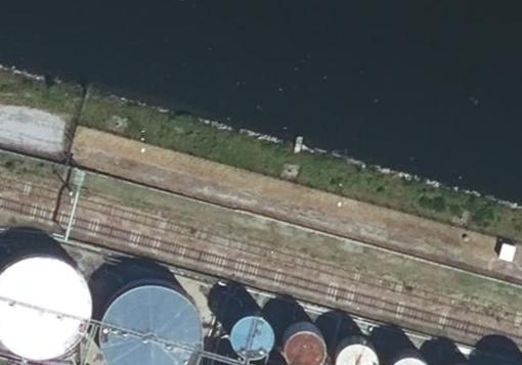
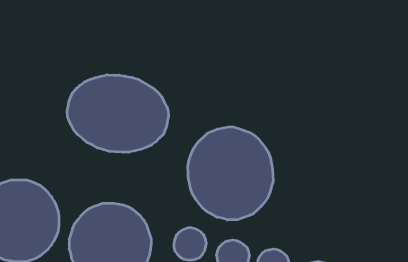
building: none -> [67,75,168,152]
building: none -> [188,127,273,220]

